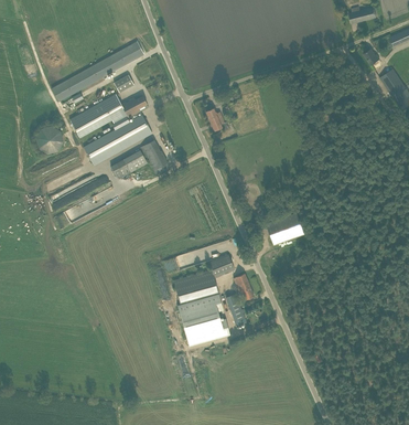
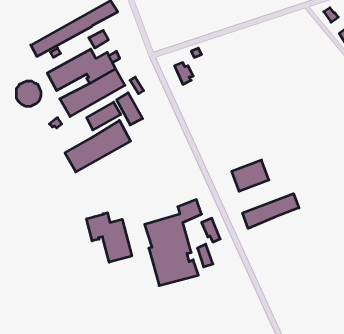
building: none -> [65,120,131,172]
building: none -> [243,194,299,228]
building: none -> [87,213,132,262]

